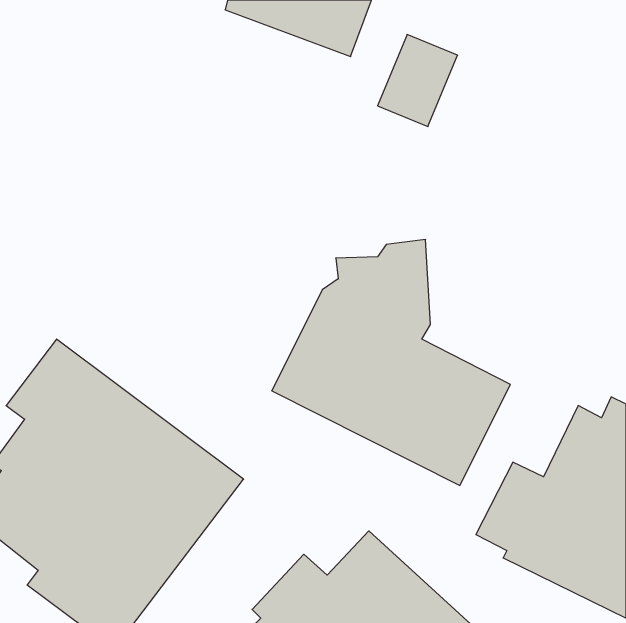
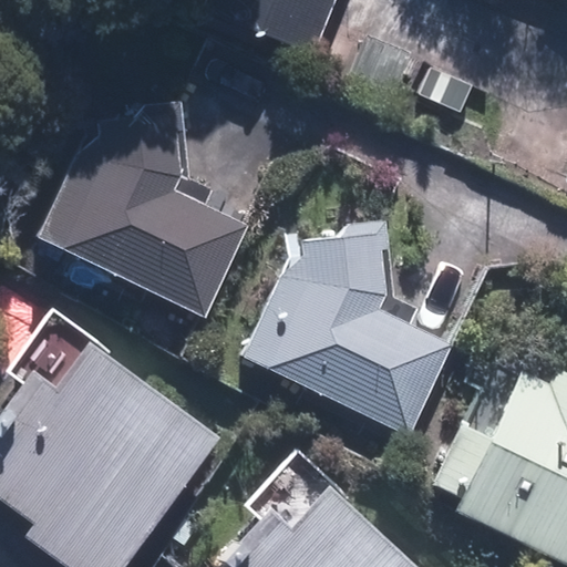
building: none -> [39,102,249,320]

